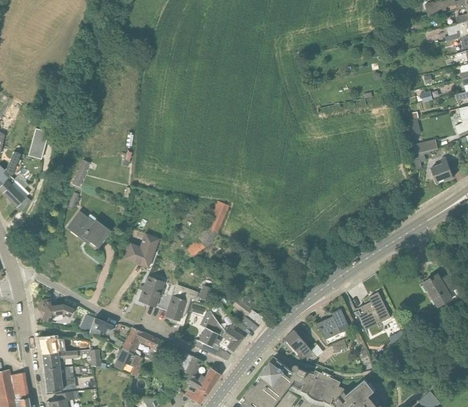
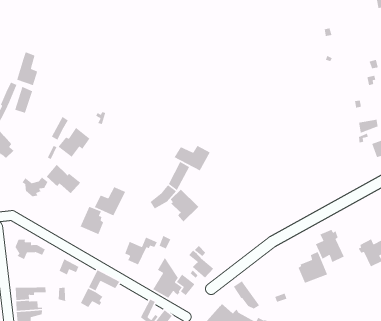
building: none -> [16,51,38,86]
building: none -> [57,127,91,158]
building: none -> [173,145,211,172]
building: none -> [21,177,49,197]
building: none -> [170,189,199,222]
building: none -> [315,229,345,263]
building: [139,277,166,309] -> [80,206,104,235]
building: [317,309,350,338] -> none
building: [39,337,65,354] -> none

